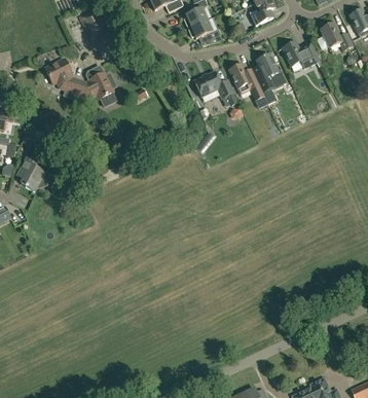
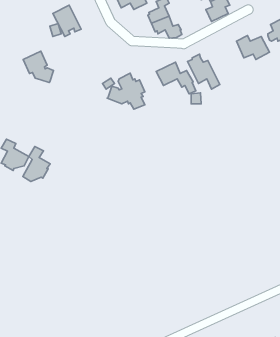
building: [252,52,285,91] -> none
building: [73,65,115,105] -> [107,73,145,109]
building: none -> [23,146,50,182]

